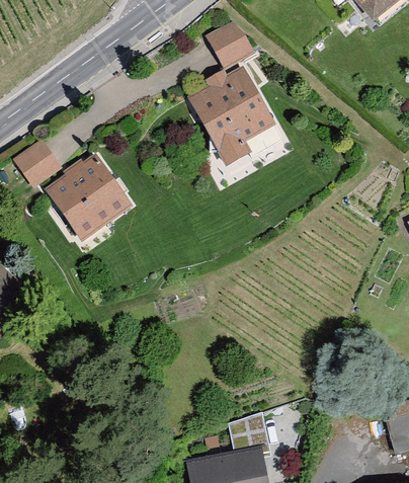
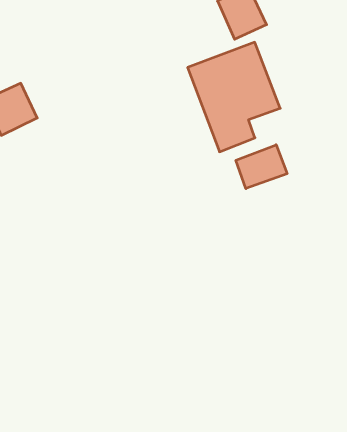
building: [44,150,133,240] -> none
building: none -> [236,145,287,189]

